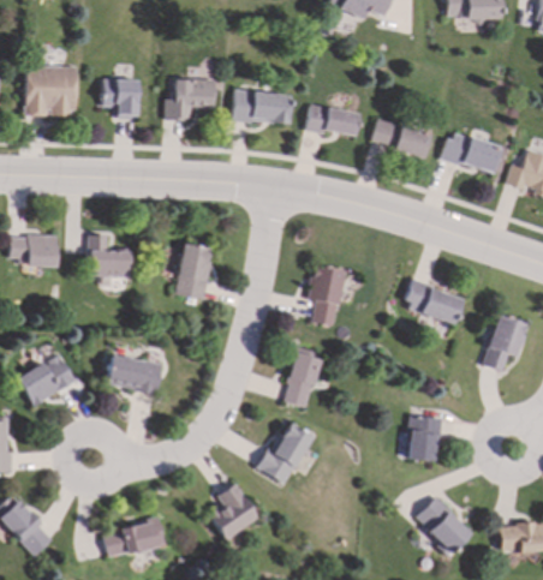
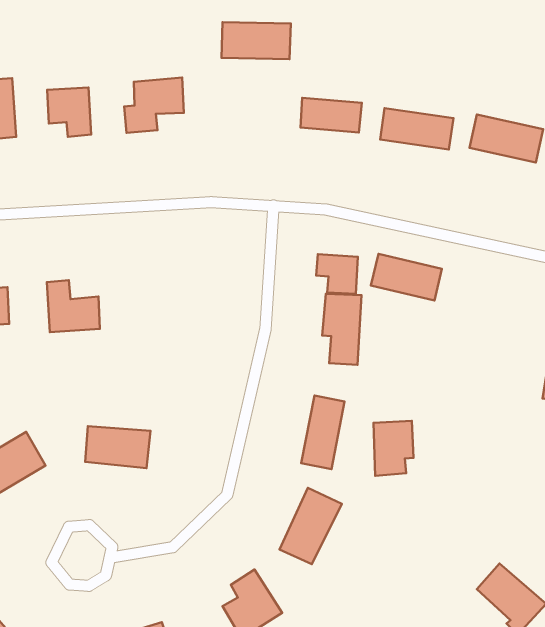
building: [232,90,291,125] -> [221,22,291,59]
building: none -> [316,254,358,294]
building: [175,244,213,299] -> none
building: [405,281,464,323] -> [371,254,442,301]
building: [410,417,443,460] -> [373,421,414,476]

